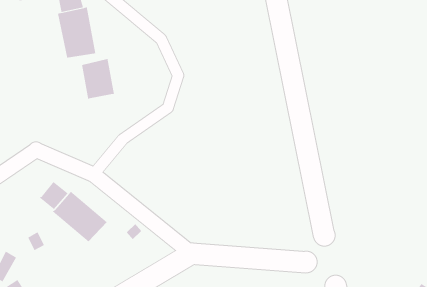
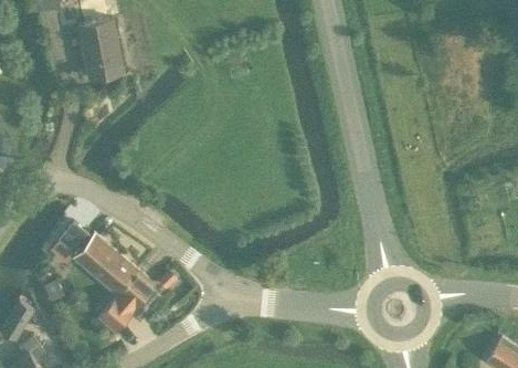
building: [81,58,115,100] -> none
building: none -> [99,271,157,332]

